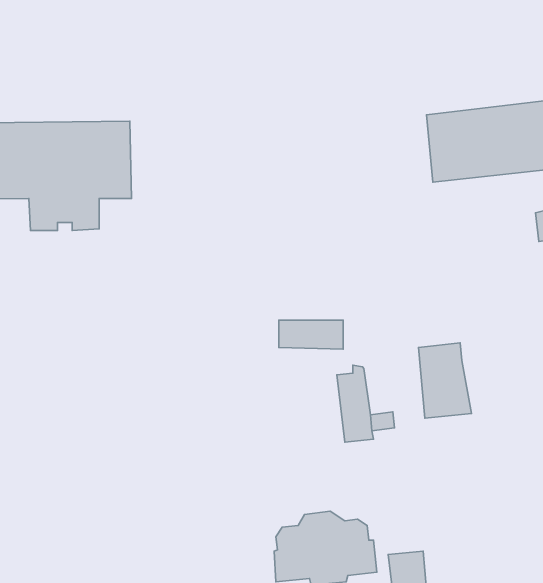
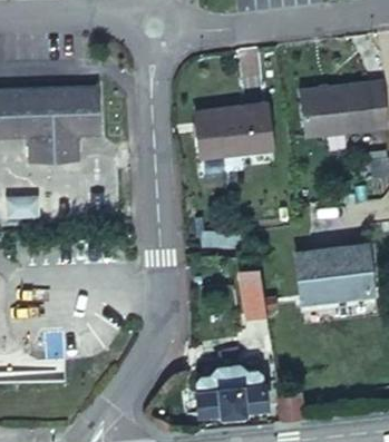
building: none -> [200,104,279,157]
building: none -> [327,243,373,296]

